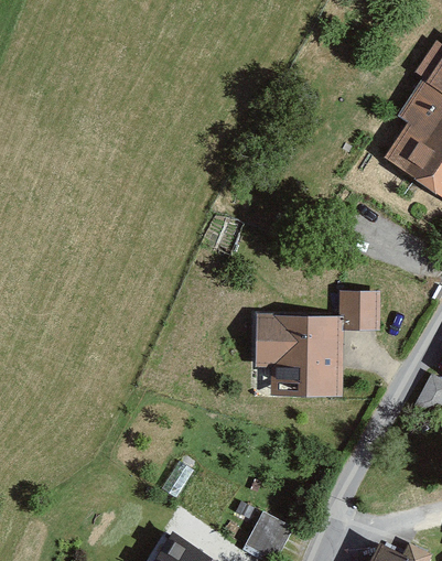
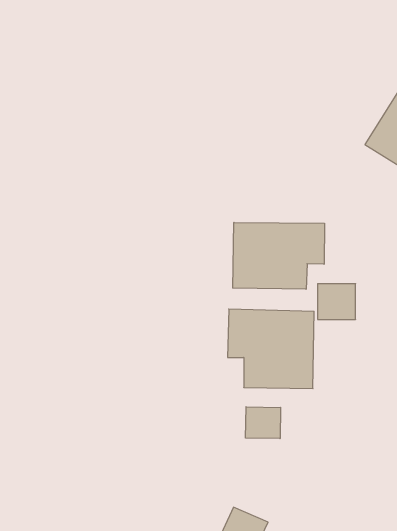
building: none -> [233,222,324,289]
building: none -> [246,407,281,439]

